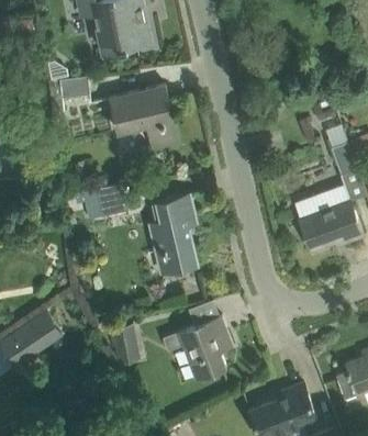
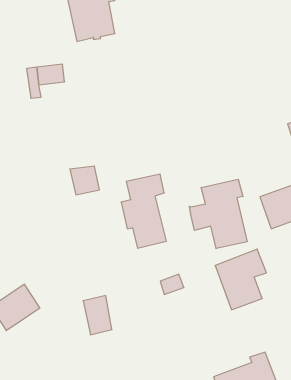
building: [109,85,179,149] -> none
building: none -> [189,179,247,249]
building: [176,315,231,380] -> [215,249,266,310]

